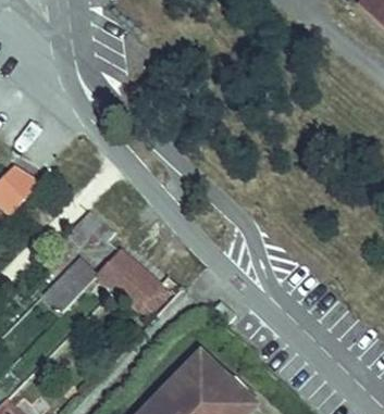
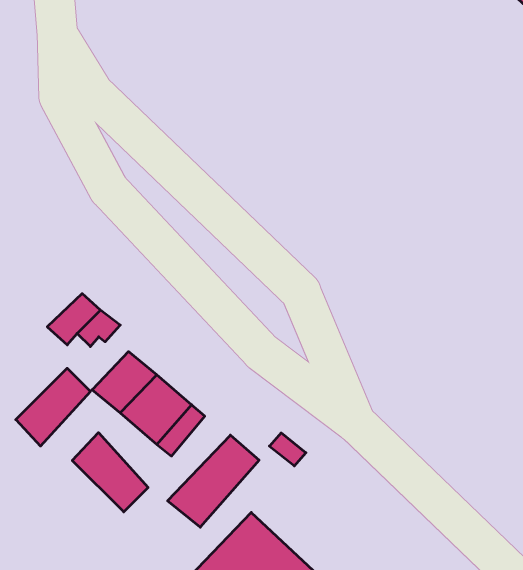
building: none -> [72,433,148,512]
building: none -> [168,435,259,527]

